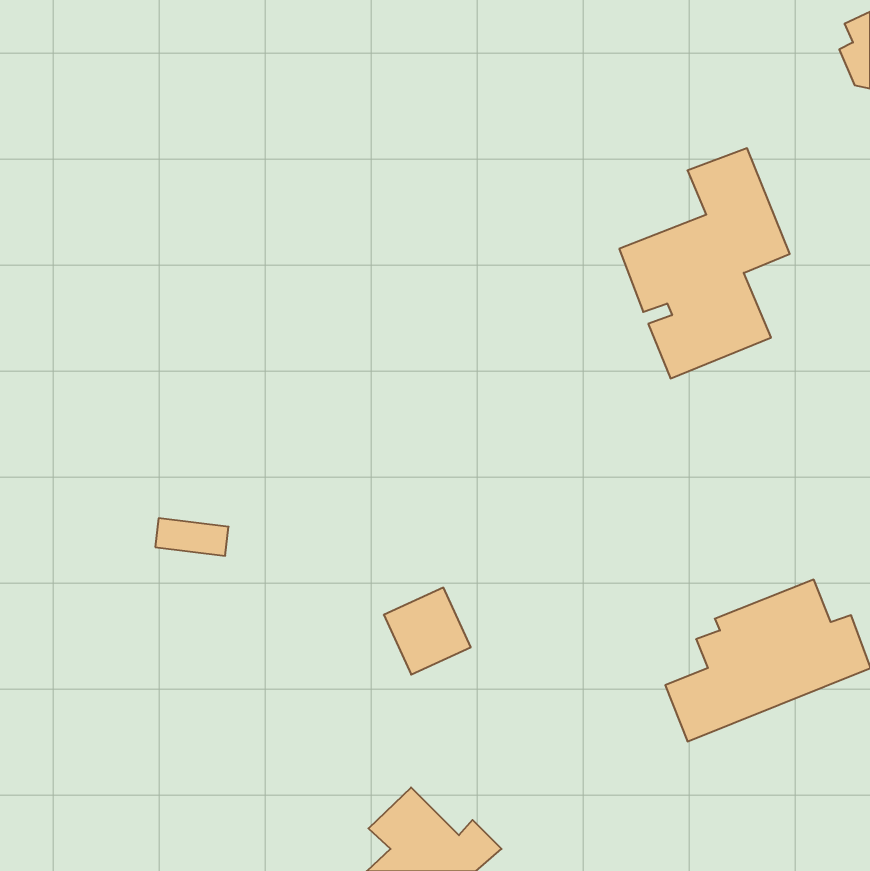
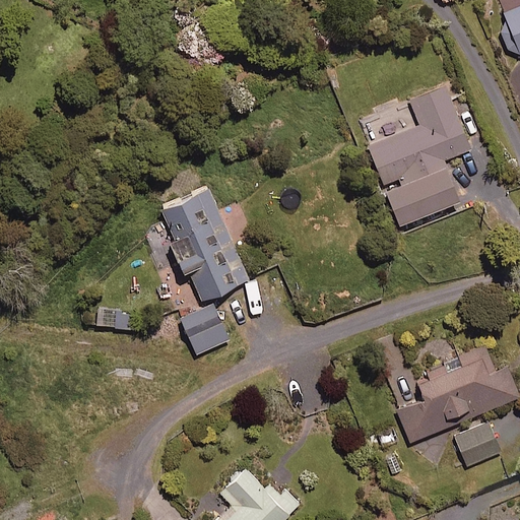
building: none -> [162,190,249,303]
building: [384,588,471,675] -> [178,304,230,355]
building: none -> [453,421,500,466]

